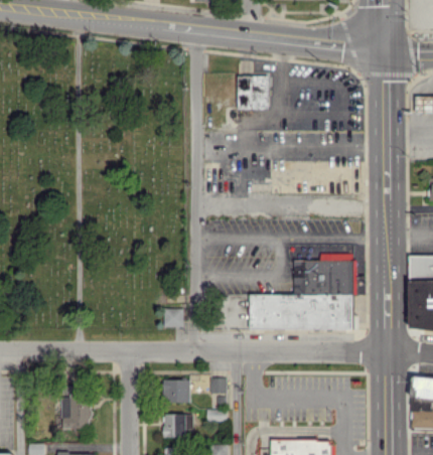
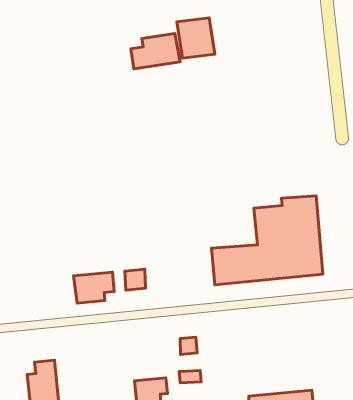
building: none -> [131,33,180,69]
building: none -> [74,272,114,303]
building: [163,380,190,403] -> none

